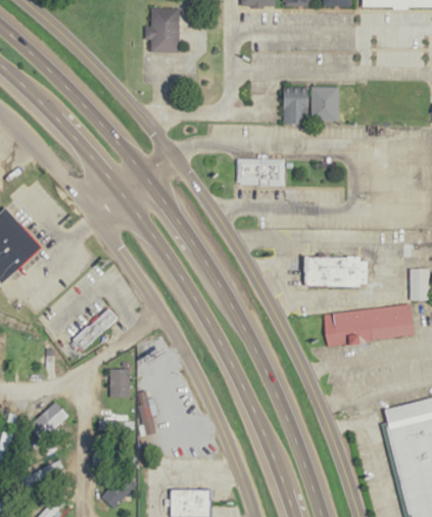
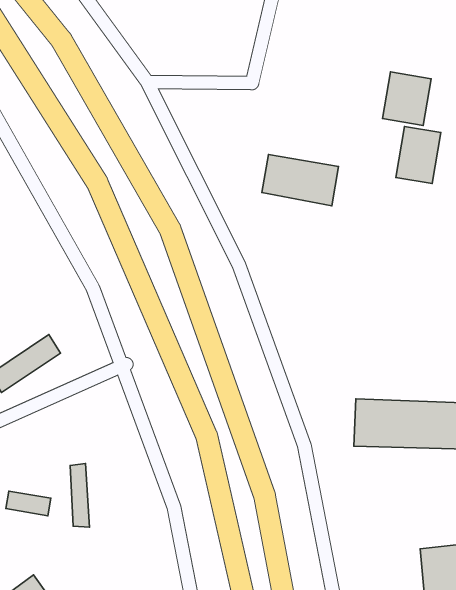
building: [282,89,307,125] -> [396,126,441,184]
building: [306,255,368,286] -> none
building: [108,369,129,397] -> none

